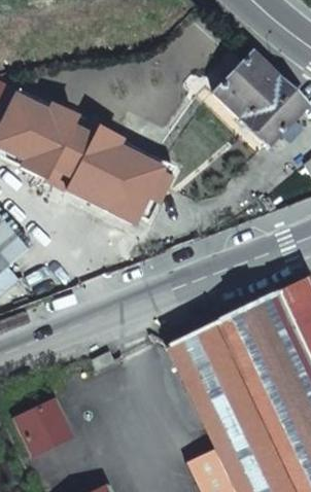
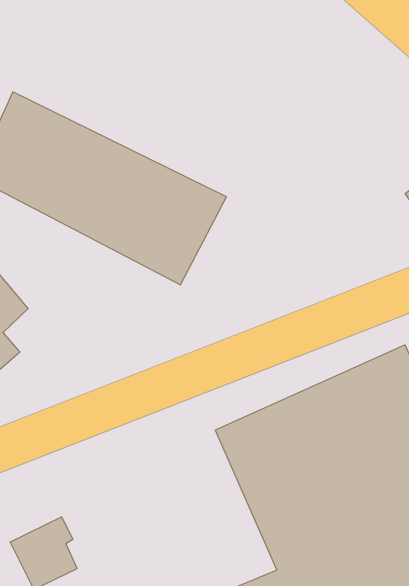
building: [215,49,306,140] -> none

